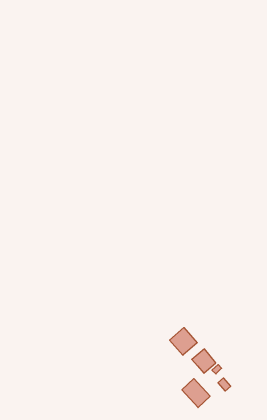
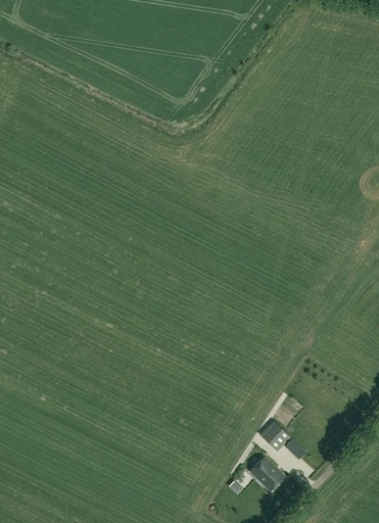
building: [170,328,197,355] -> none

